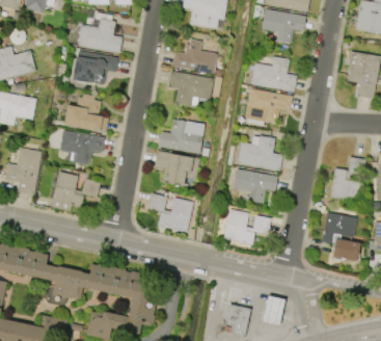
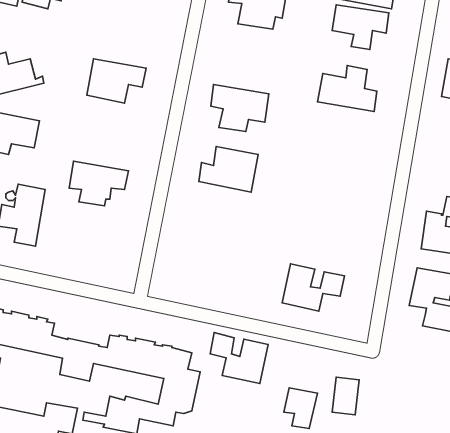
building: [77,12,121,53] -> none
building: [171,40,217,74] -> none
building: [245,88,292,124] -> none
building: [64,94,108,133] -> none
building: [237,135,282,170] -> none
building: [155,151,199,186] -> none
building: [233,168,277,203] -> none
building: [50,172,100,211] -> none
building: [147,192,192,232] -> [210,332,268,384]

